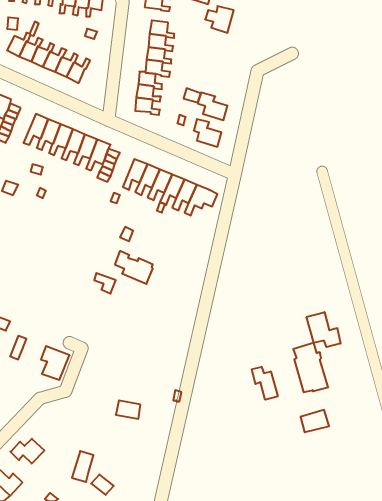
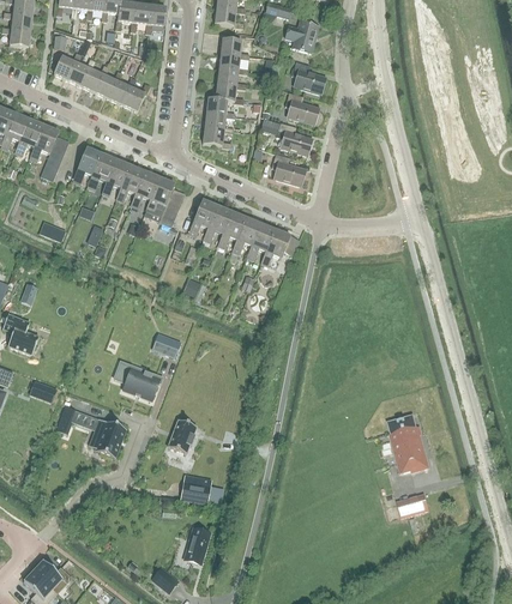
building: none -> [291,60,324,92]
building: none -> [284,91,317,122]
building: [115,251,153,284] -> [114,361,158,399]
building: [307,312,341,347] -> none
building: none -> [168,418,195,452]
building: [252,367,278,400] -> none
building: [10,439,44,464] -> none
building: [72,451,93,482] -> [183,526,209,562]

